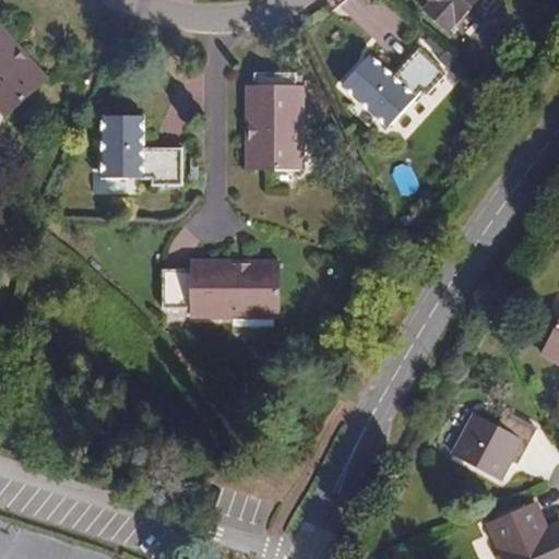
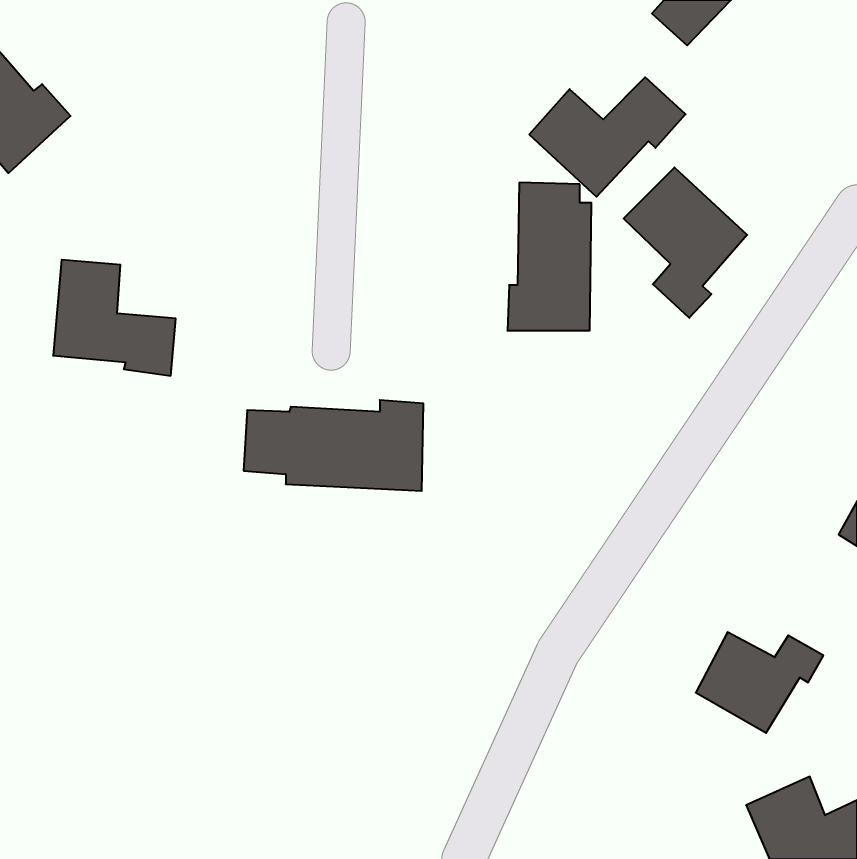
building: [247,72,301,168] -> [507,183,591,331]
building: none -> [624,167,747,318]
building: [97,114,177,189] -> [53,260,176,376]

